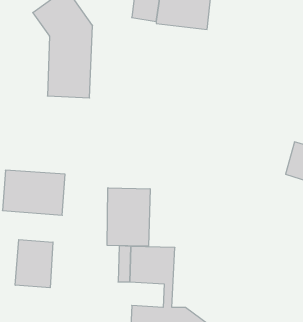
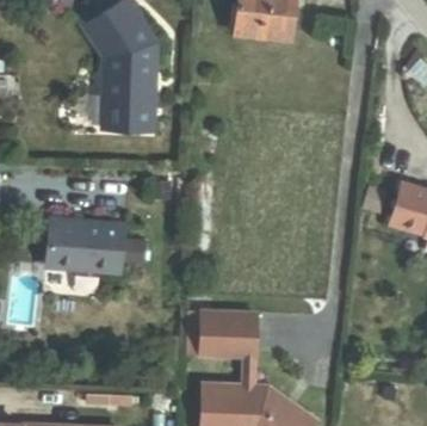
building: [107,188,150,246] -> none
building: [15,240,53,288] -> none

